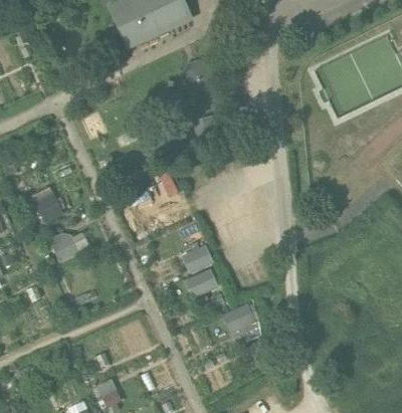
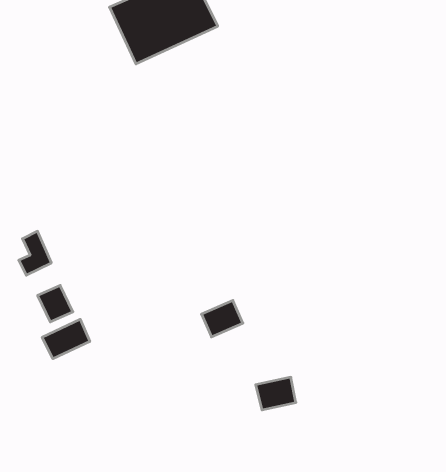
building: none -> [42,319,90,359]
building: [184,268,218,297] -> none

